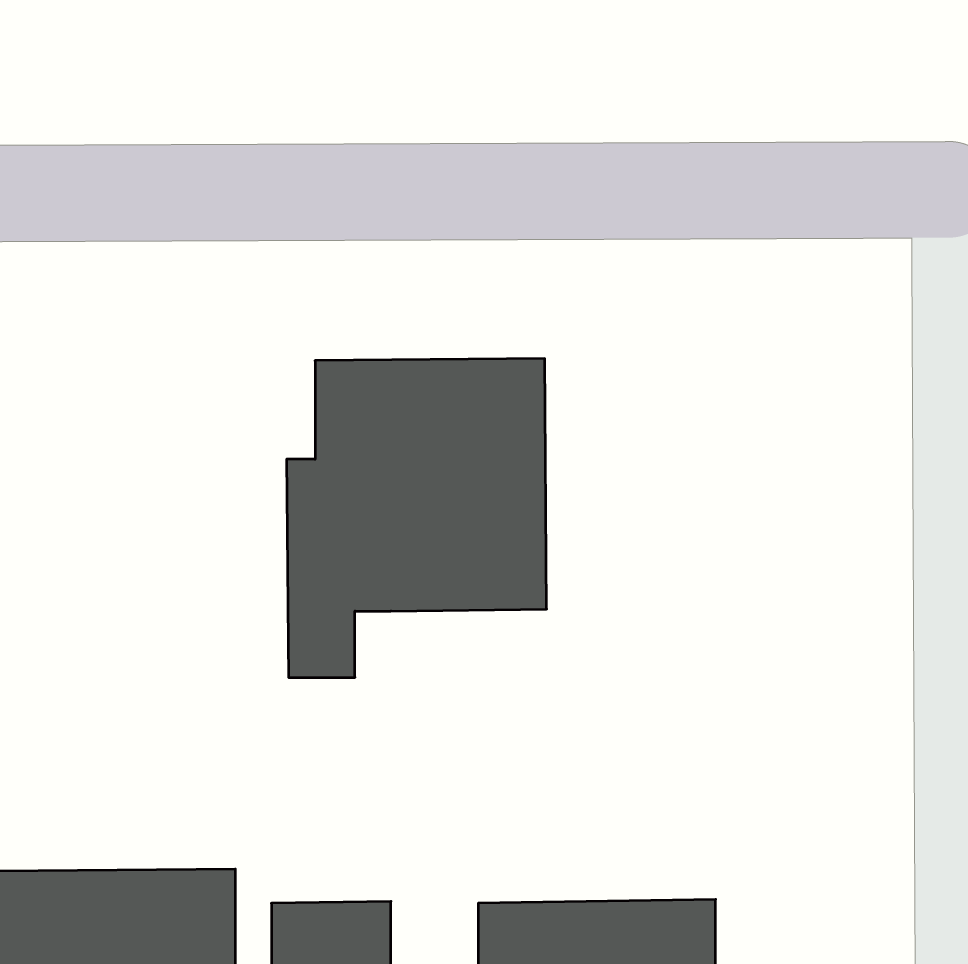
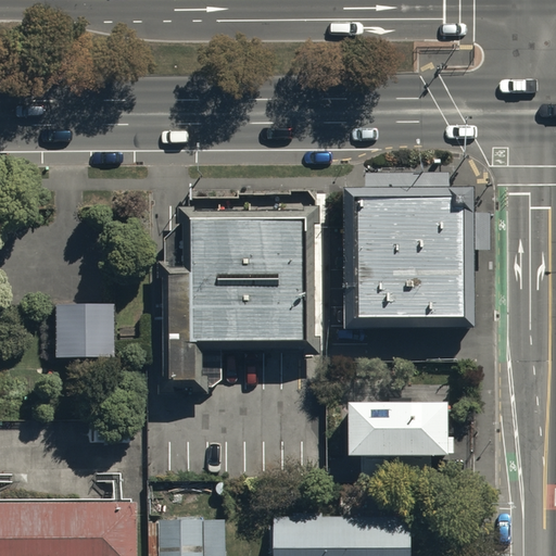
building: none -> [356,192,470,316]
building: none -> [54,303,112,359]
building: none -> [350,399,452,456]

